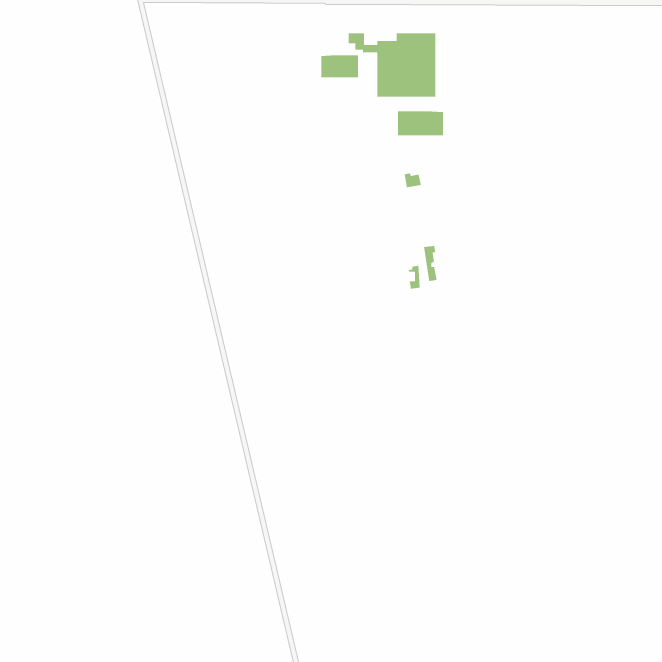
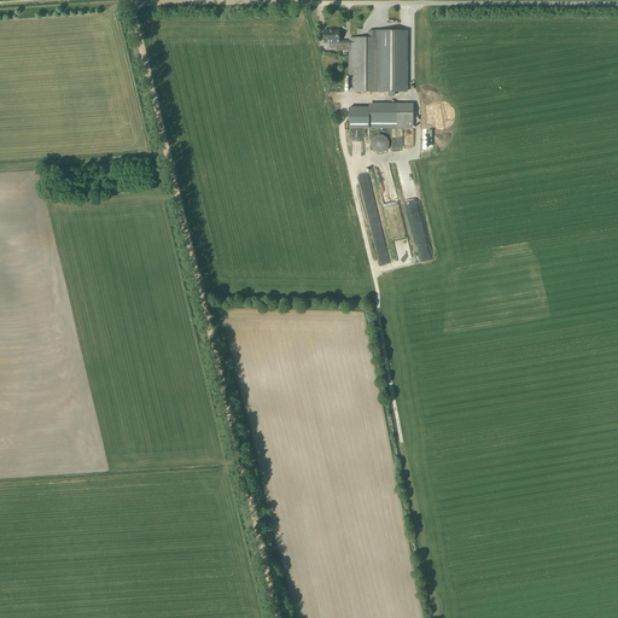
building: [321,54,359,78] -> none

